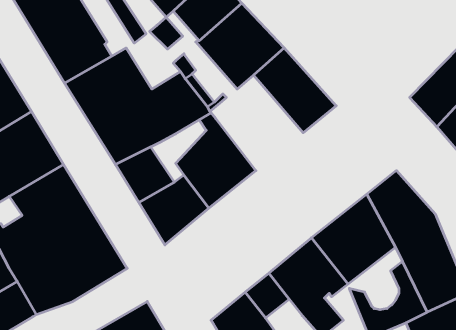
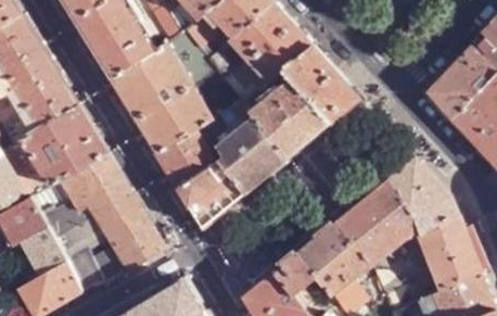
building: none -> [248,72,329,160]

